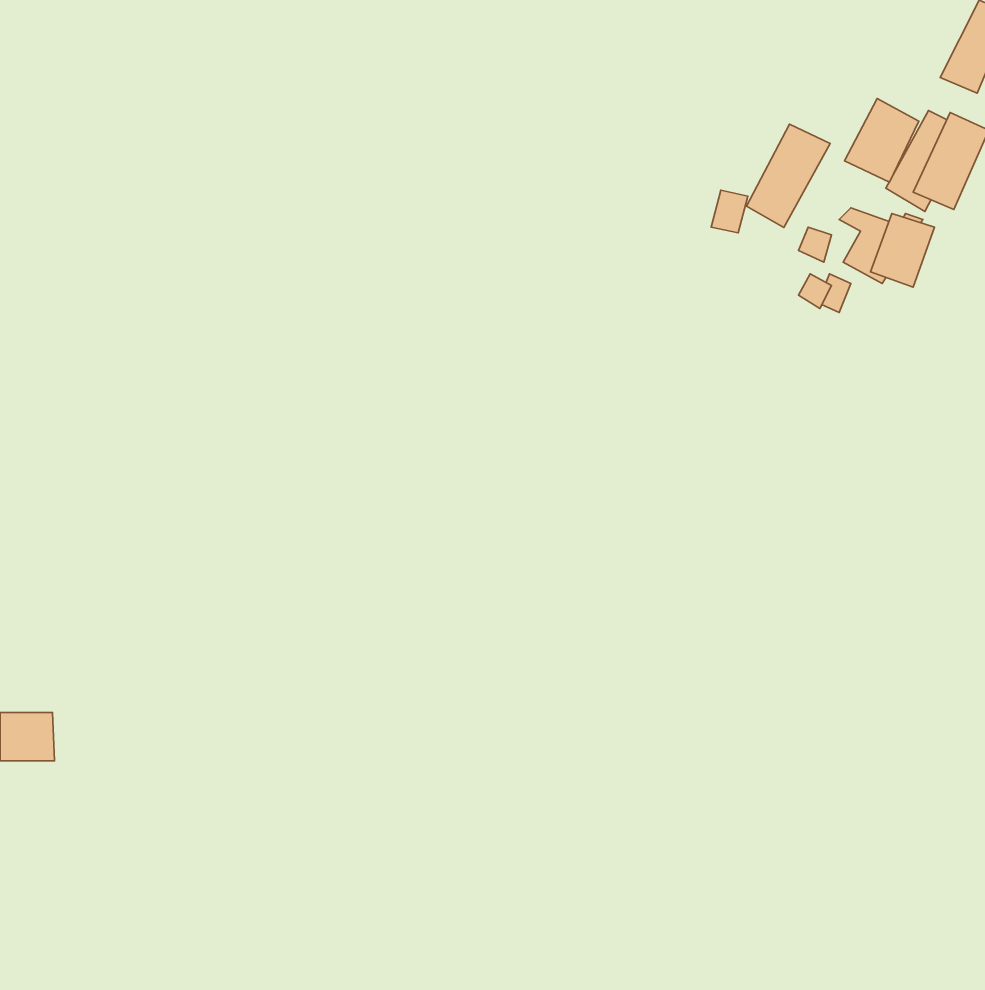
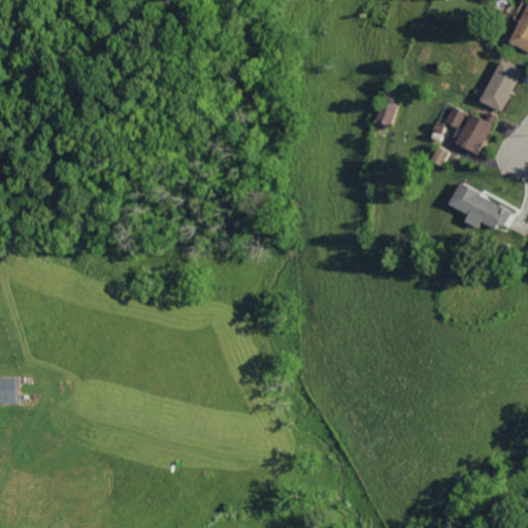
building: [844,99,919,182] -> none
building: [746,124,830,228] -> none
building: none -> [443,182,504,230]

